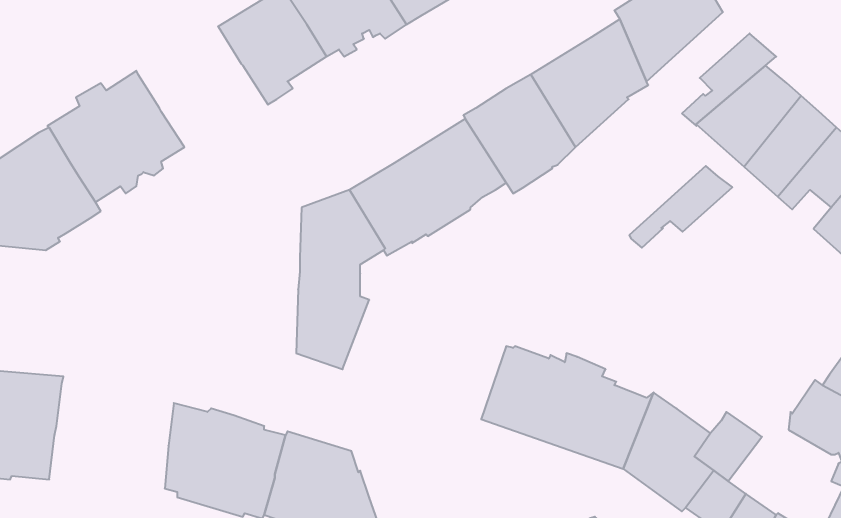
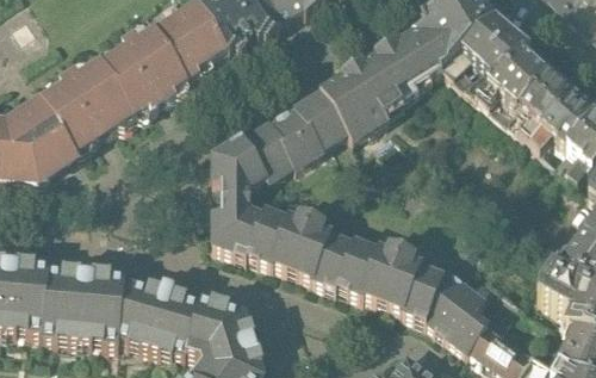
building: none -> [101,25,188,110]
building: [629,166,732,248] -> [442,16,511,70]
building: none -> [238,206,348,289]
building: none -> [41,265,125,341]

